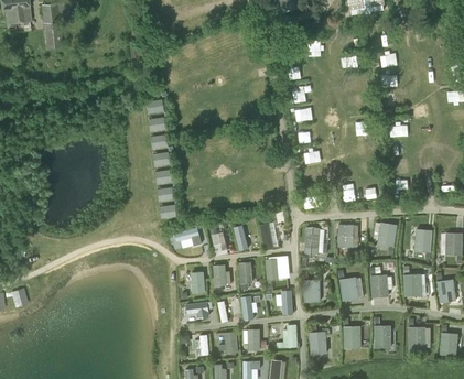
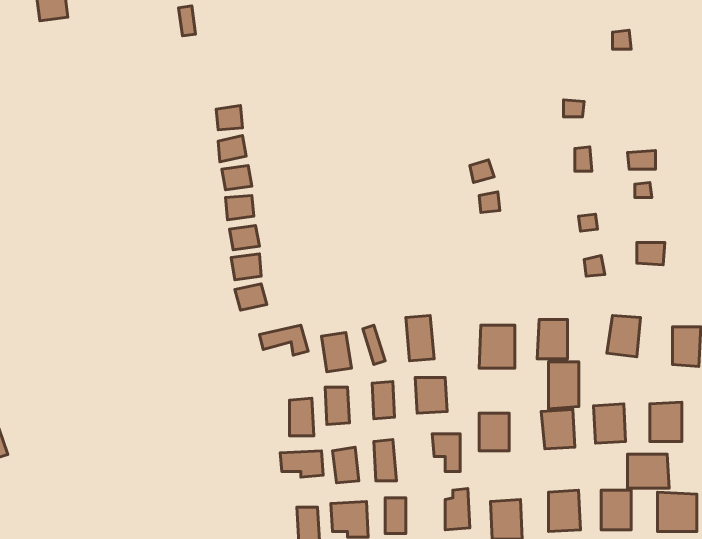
building: none -> [548,362,579,409]
building: none -> [628,454,669,488]

